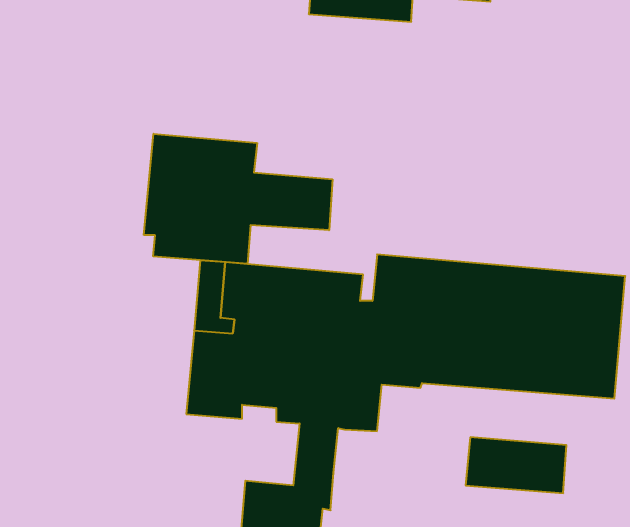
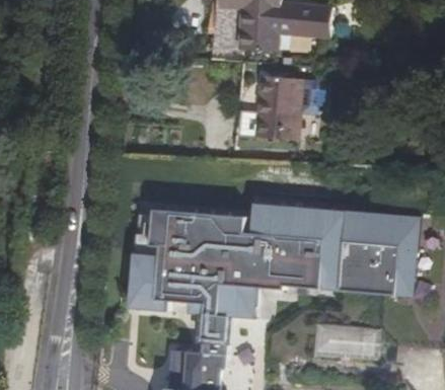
building: none -> [257,76,304,137]
building: [144,134,332,264] -> none

